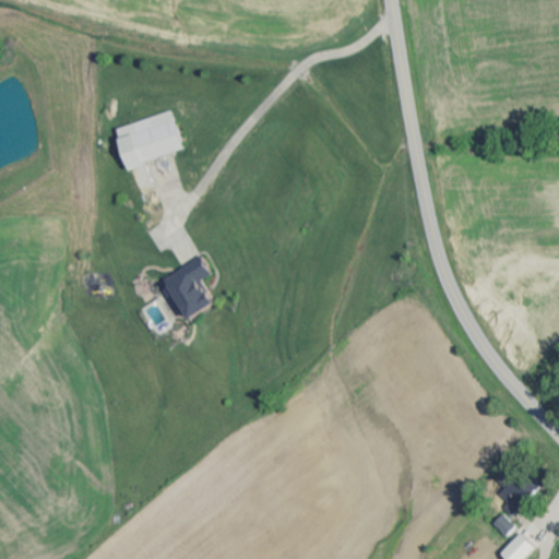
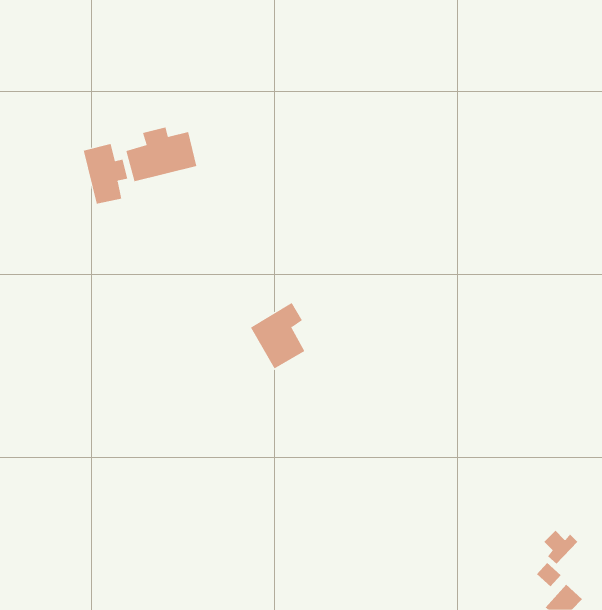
building: none -> [83,143,128,205]
building: [162,258,212,319] -> [250,302,305,369]

